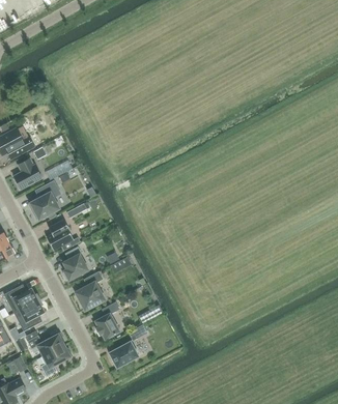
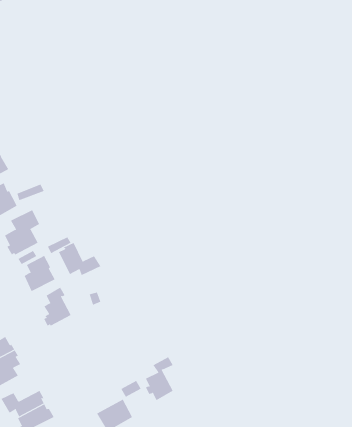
building: none -> [58,242,101,276]
building: [76,272,104,310] -> none
building: [95,302,119,340] -> [145,356,173,401]

